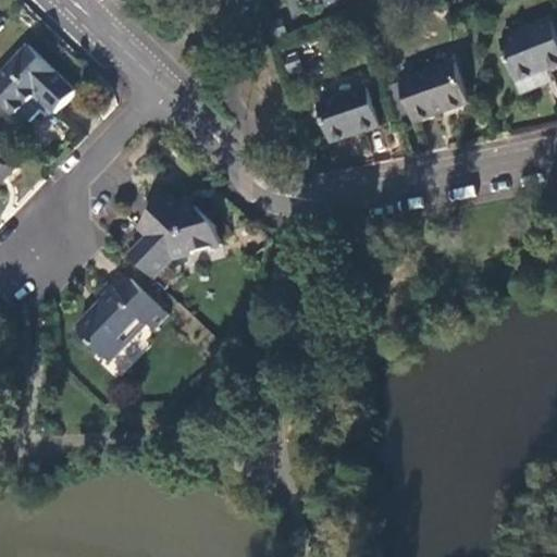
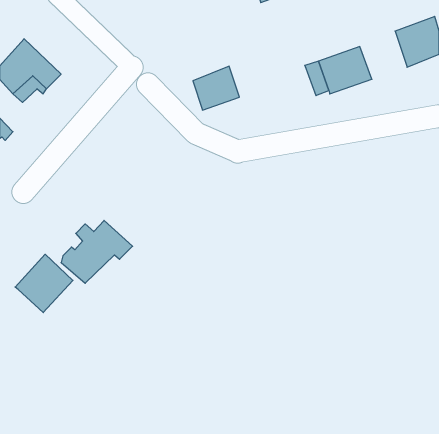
building: [321,84,380,139] -> [193,66,239,110]
building: [126,194,220,274] -> none
building: none -> [15,254,73,313]

